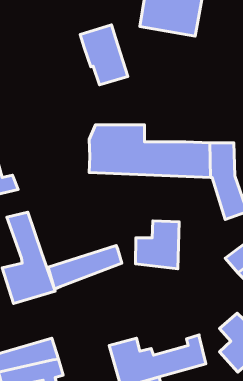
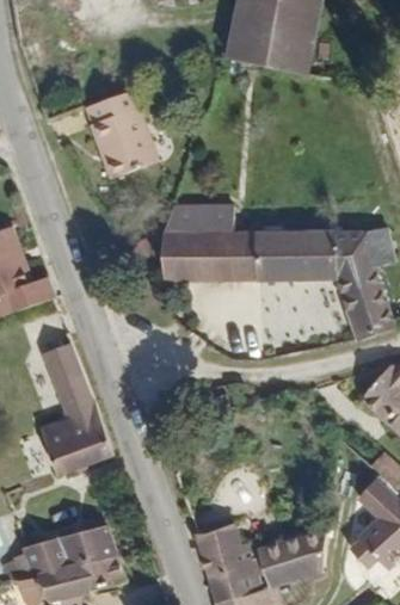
building: [80,25,128,85] -> [84,92,154,180]
building: [135,221,179,269] -> none
building: [48,245,122,289] -> none

